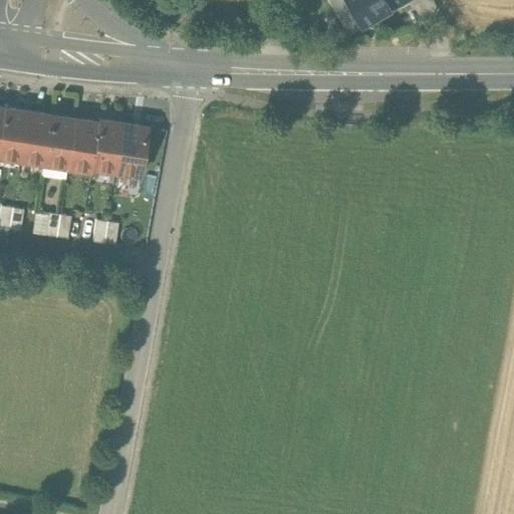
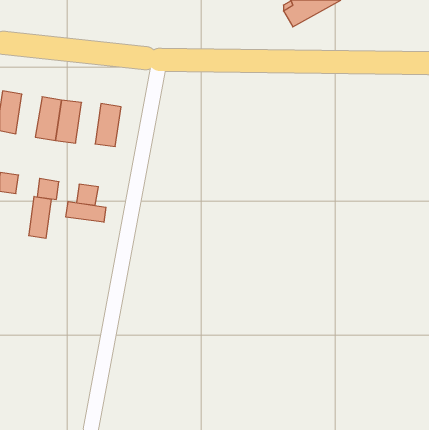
building: [19,112,50,164] -> none
building: [90,120,120,172] -> none
building: none -> [29,196,51,238]
building: none -> [66,201,106,222]

